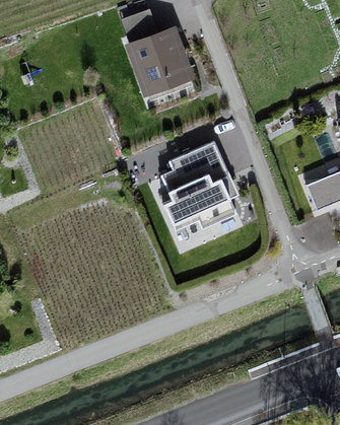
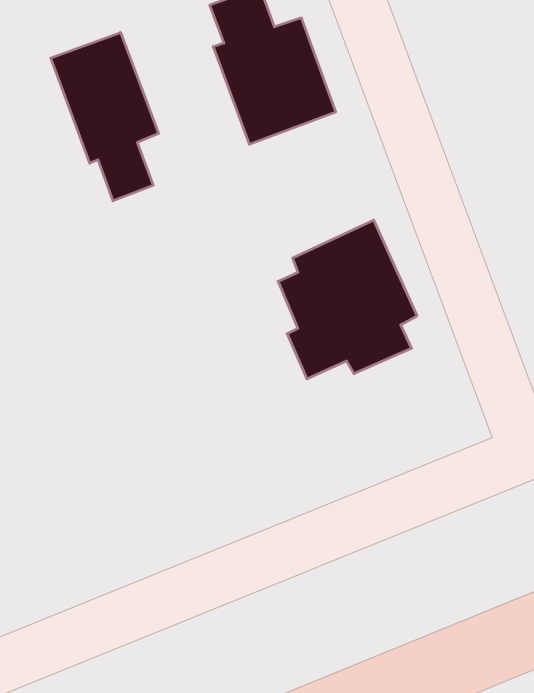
building: none -> [51,32,158,201]

